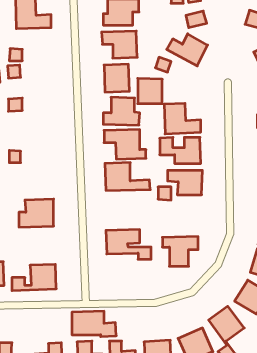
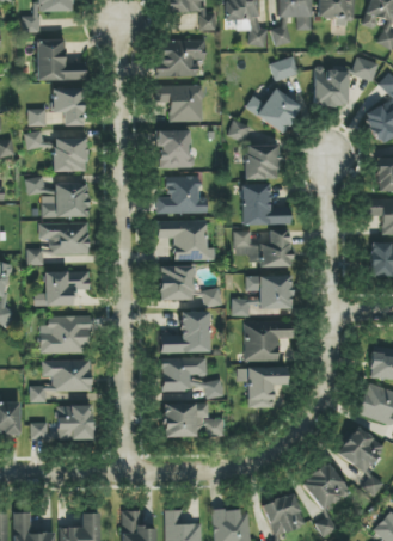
building: none -> [314,69,348,106]
building: none -> [53,88,82,125]
building: none -> [53,137,86,172]
building: [138,78,162,104] -> [245,145,278,179]
building: none -> [41,184,87,217]
building: none -> [39,222,88,254]
building: none -> [35,271,90,306]
building: none -> [160,312,209,352]
building: none -> [244,321,290,362]
building: none -> [30,359,91,402]
building: [72,311,116,337] -> [164,402,225,437]

